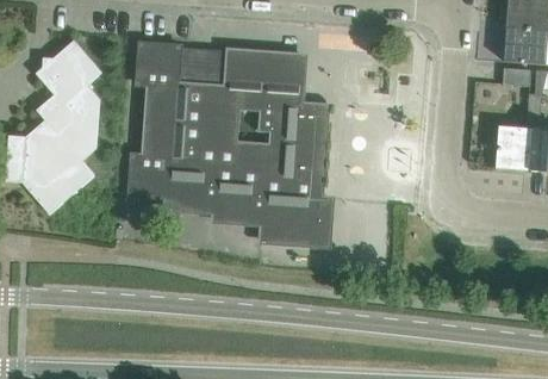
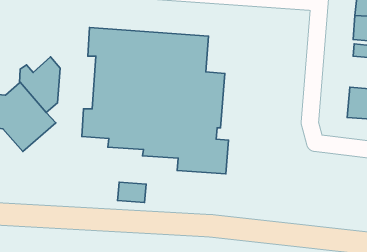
building: [35,39,101,105] -> none
building: none -> [117,182,146,203]

